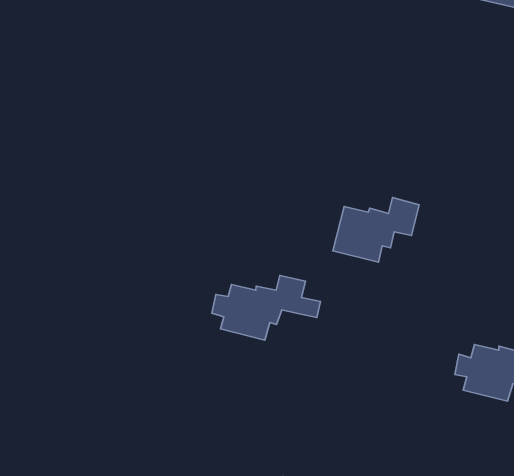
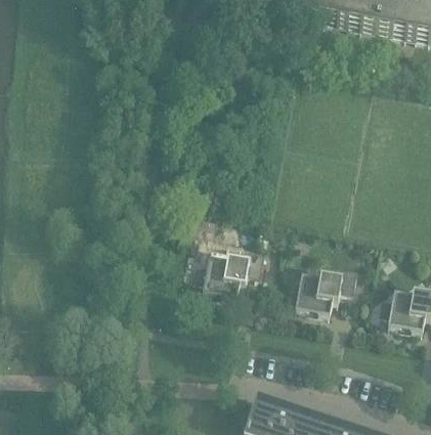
building: [333,197,419,262] -> [292,265,354,314]

